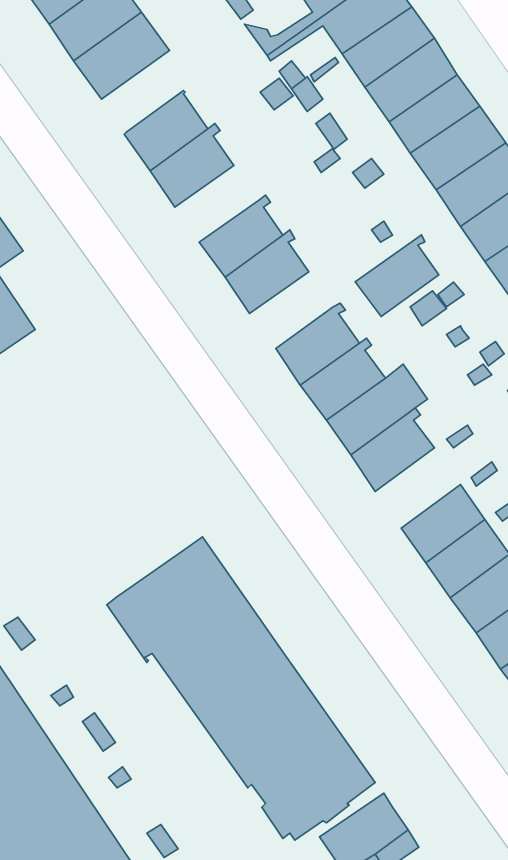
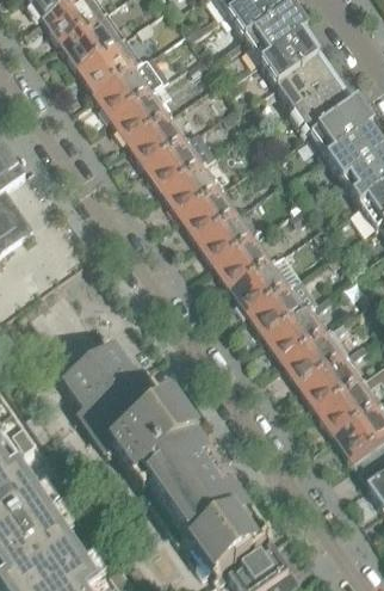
building: none -> [81,36,144,92]
building: none -> [131,111,188,167]
building: [355,235,439,317] -> [182,184,240,240]
building: none -> [268,308,327,363]
building: none -> [69,346,138,411]

